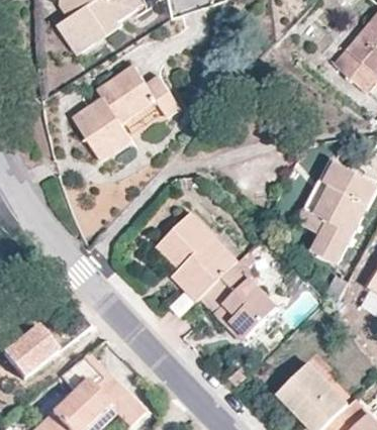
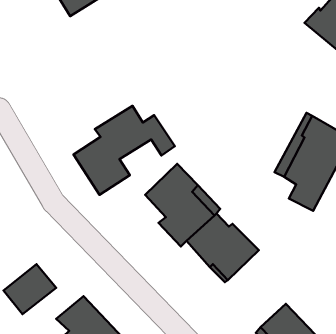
building: [72,64,181,159] -> [73,106,175,195]

